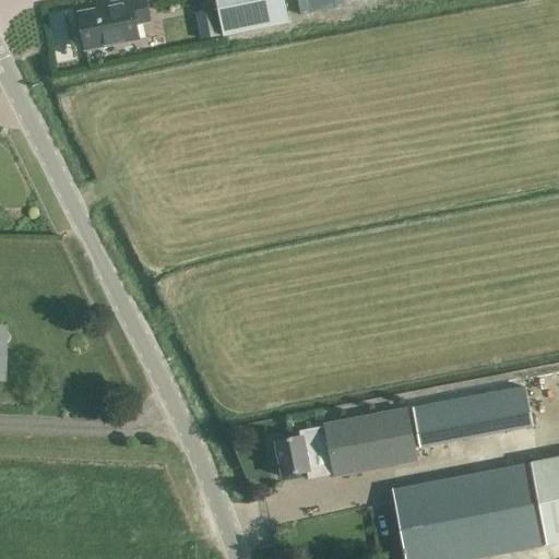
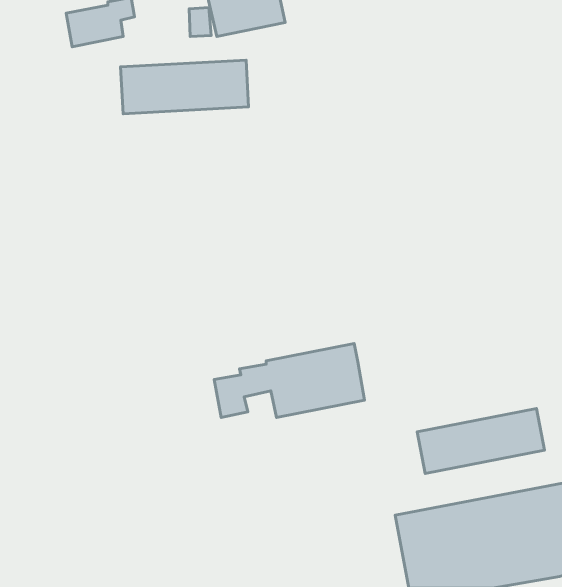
building: none -> [121,60,249,114]
building: [275,406,417,476] -> [214,343,365,418]

